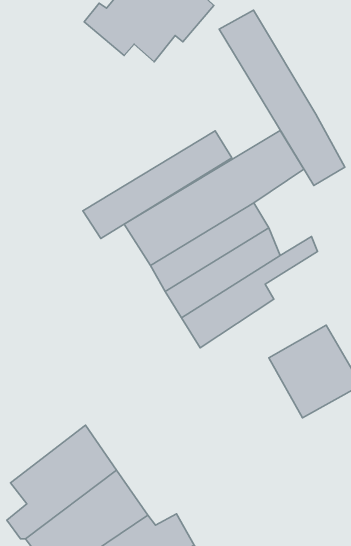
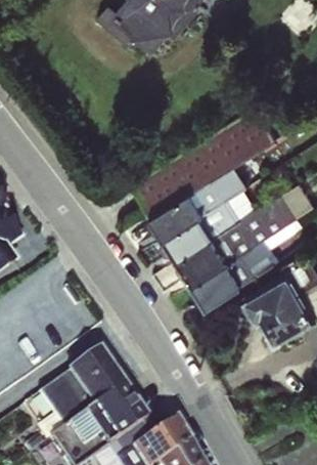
building: [219,10,345,185] -> none
building: [83,131,232,238] -> none
building: none -> [192,220,304,310]

